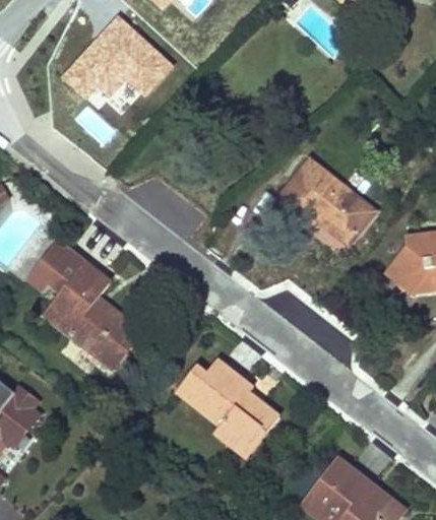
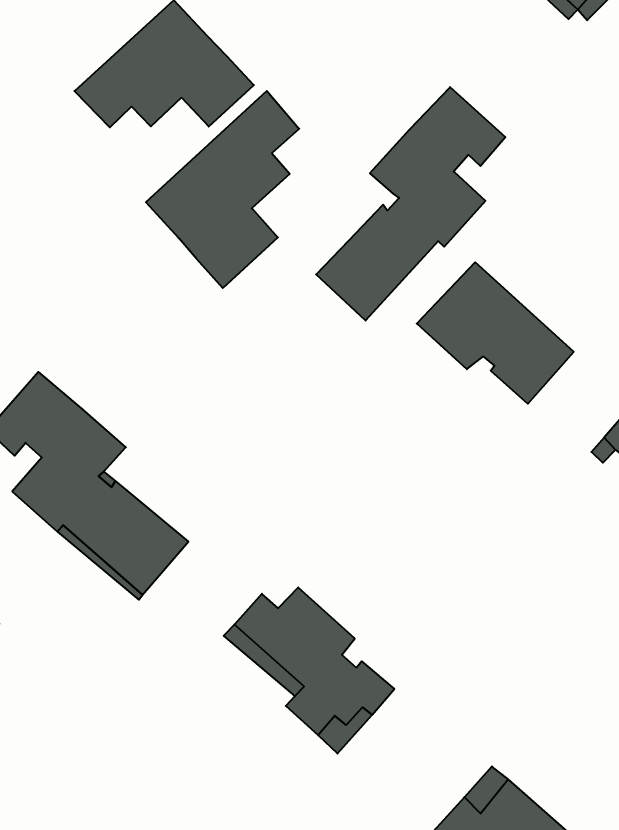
building: none -> [316,87,505,321]
building: none -> [146,91,299,288]

